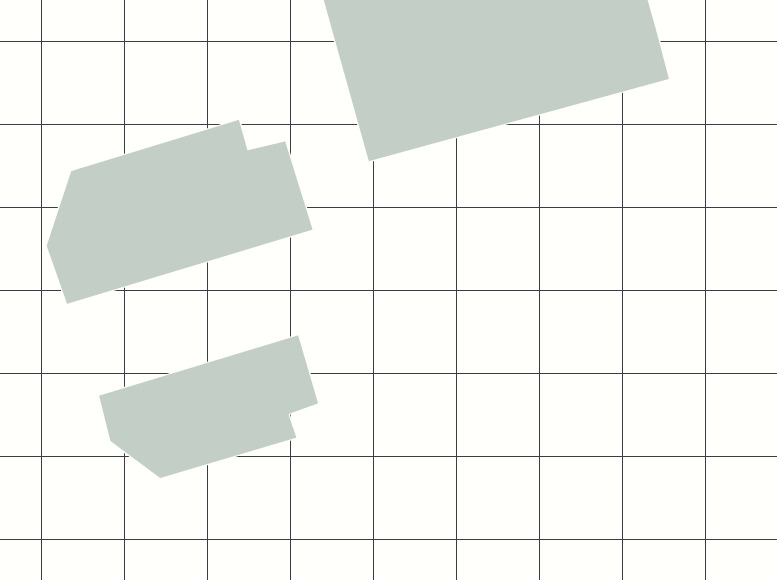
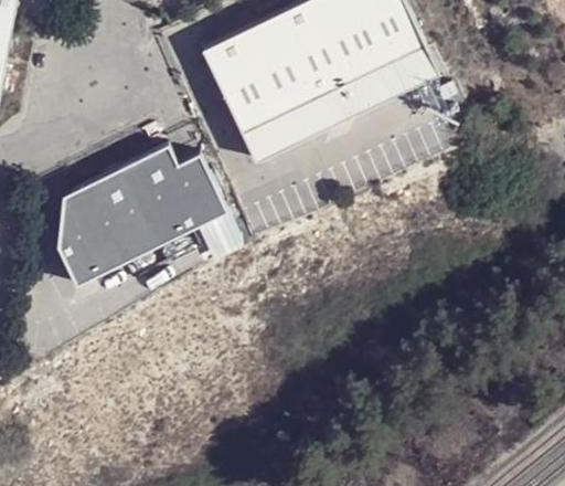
building: [98,335,319,479] -> none

